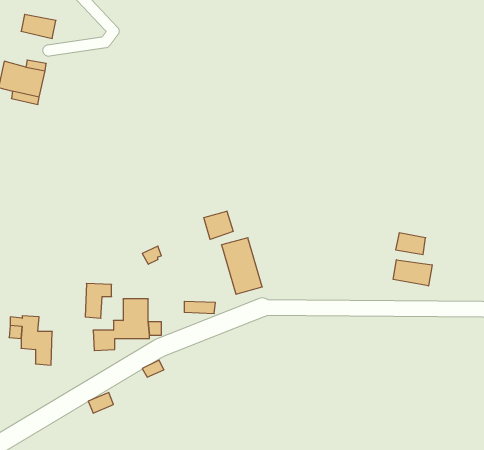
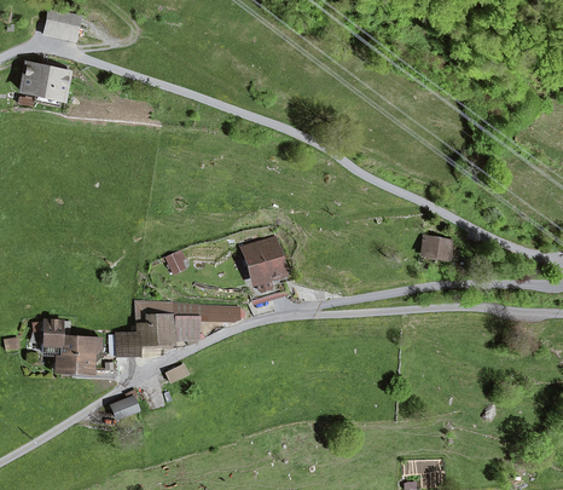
building: [204,211,233,239] -> none
building: [393,260,432,286] -> none
building: [85,283,112,318] -> [74,335,100,370]

